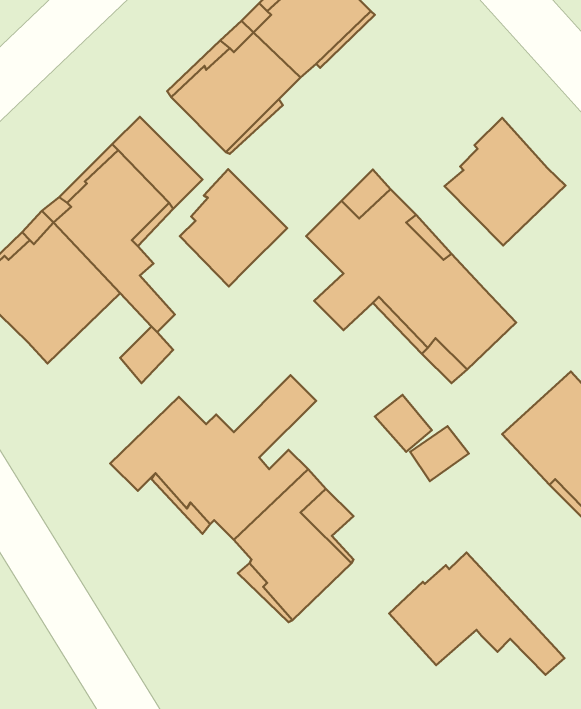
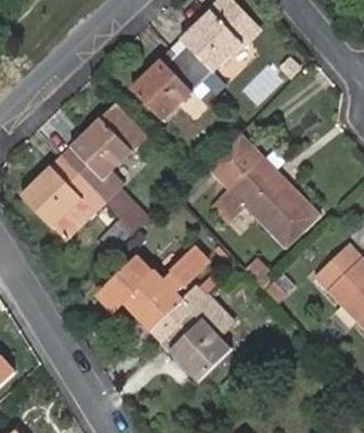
building: [444,118,566,245] -> none
building: [180,169,287,286] -> none
building: [389,553,564,675] -> none

